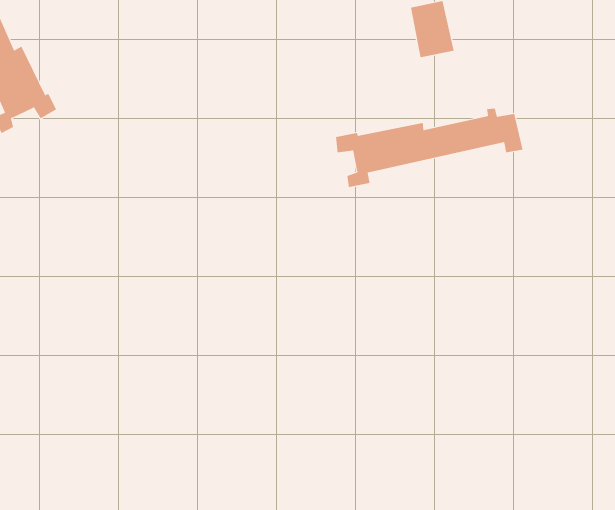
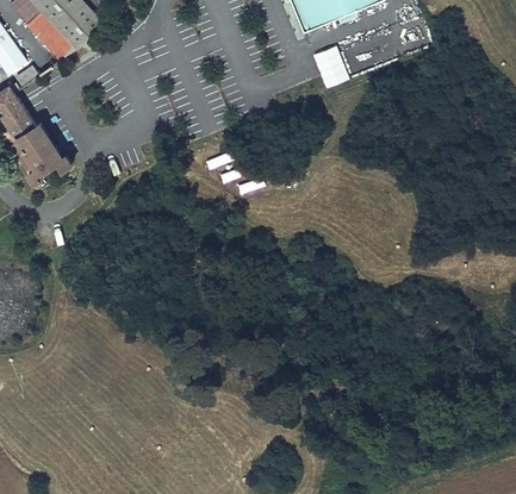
building: [335,108,523,188] -> none

